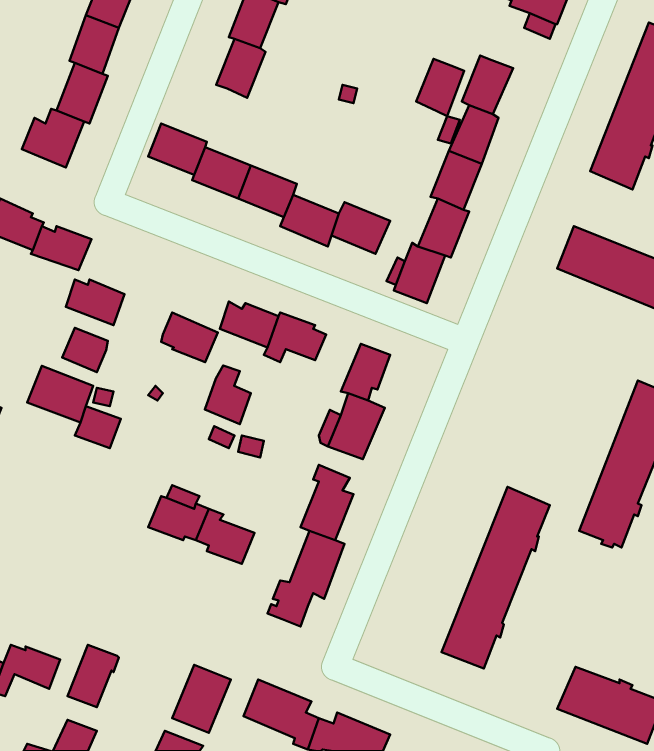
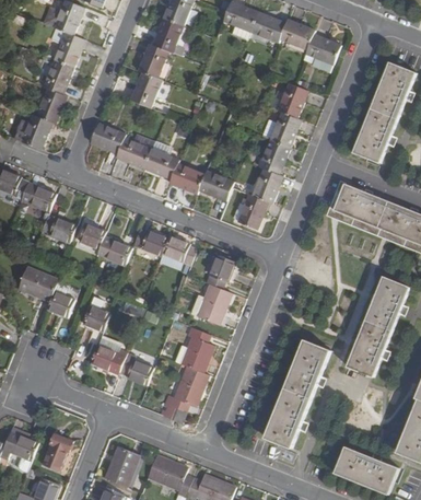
building: [416,59,464,116] -> none
building: [62,328,108,372] -> [78,222,105,248]
building: [205,366,251,424] -> [82,296,109,332]

